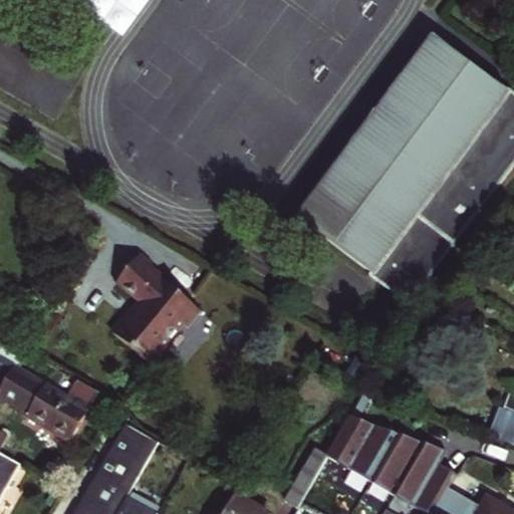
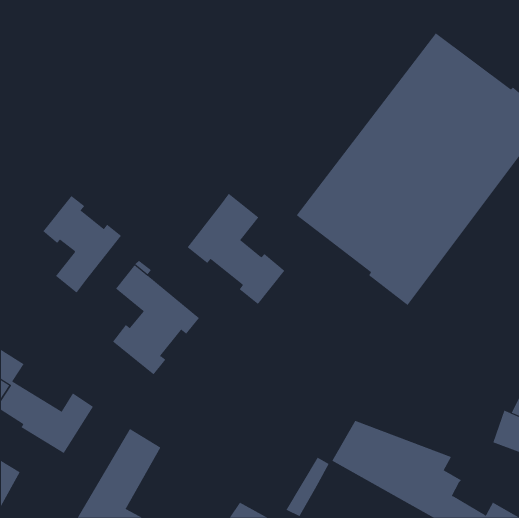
building: none -> [187,193,285,305]
building: none -> [42,195,122,293]

